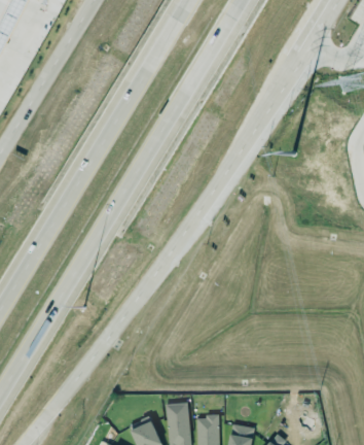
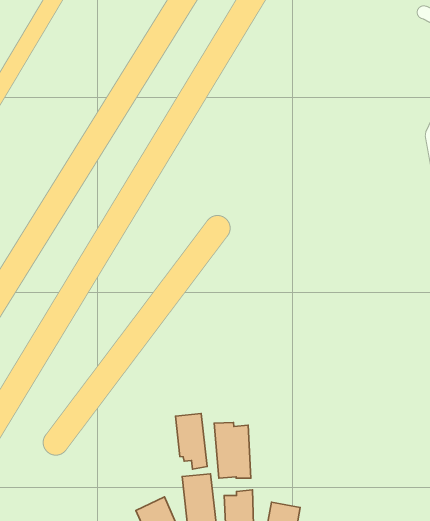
building: none -> [176,413,207,469]
building: none -> [214,423,251,478]

